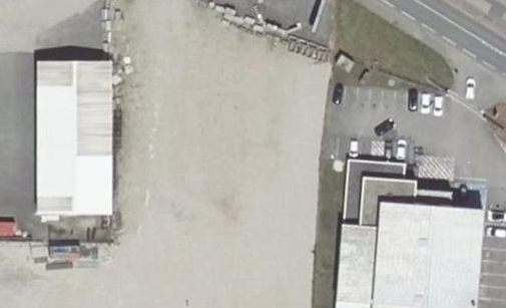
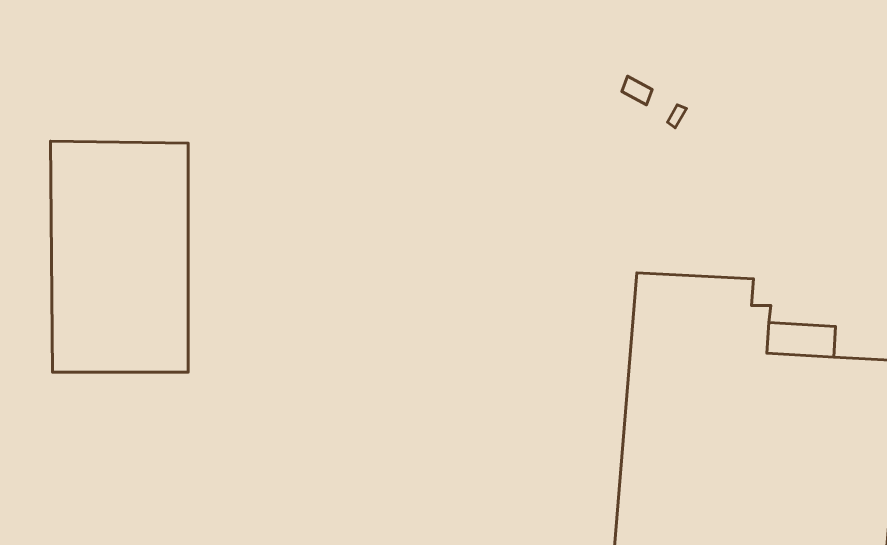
building: [39,63,111,94] -> none

